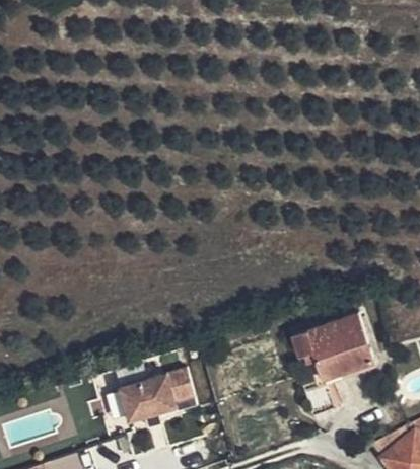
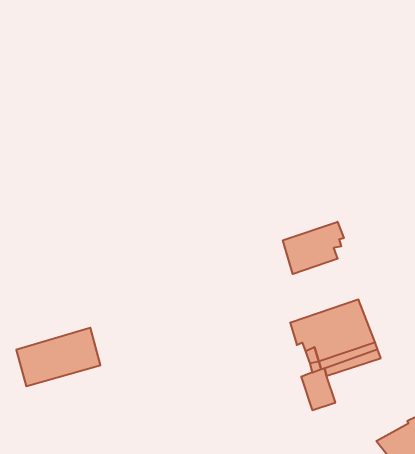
building: none -> [283,222,344,274]
building: [118,371,195,424] -> [16,328,100,386]

